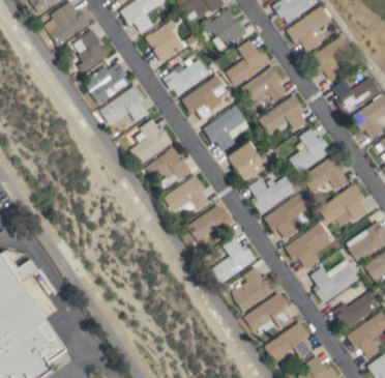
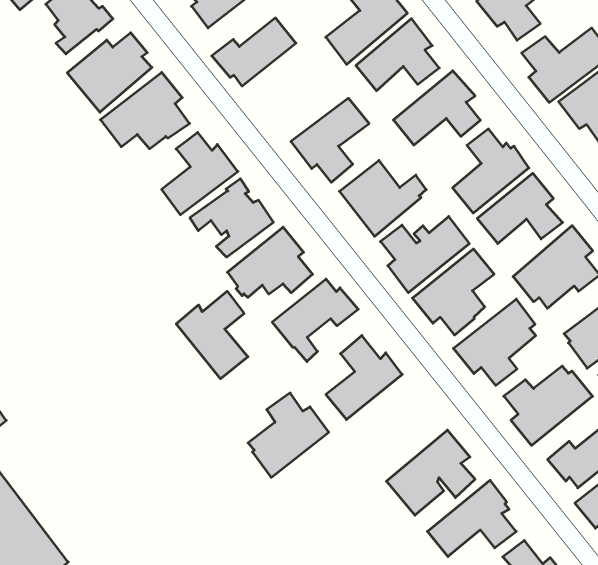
building: [182,75,230,121] -> none
building: none -> [176,291,248,379]
building: [231,266,275,312] -> [248,393,329,477]

